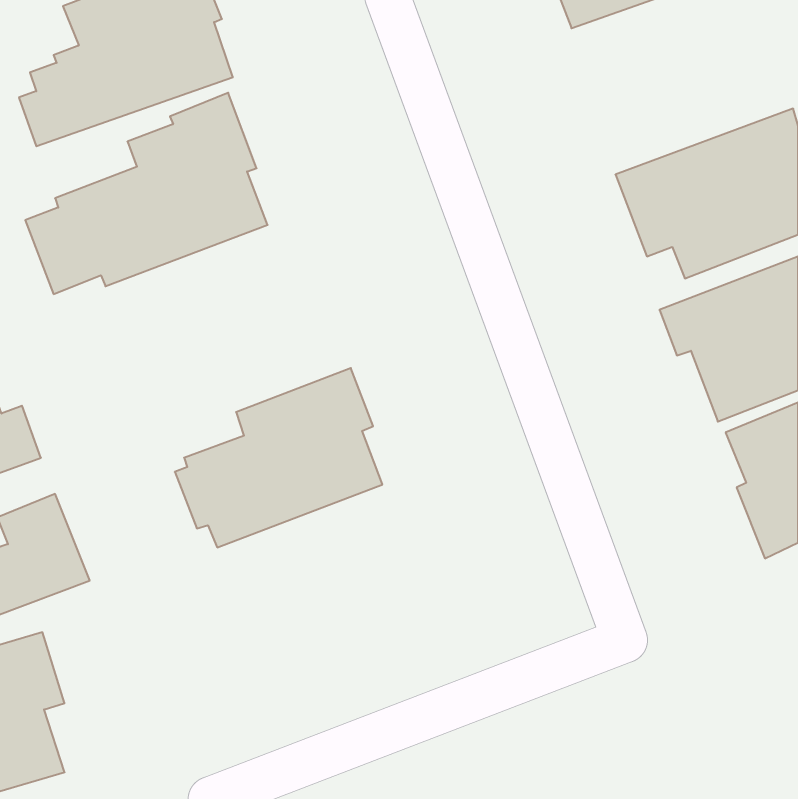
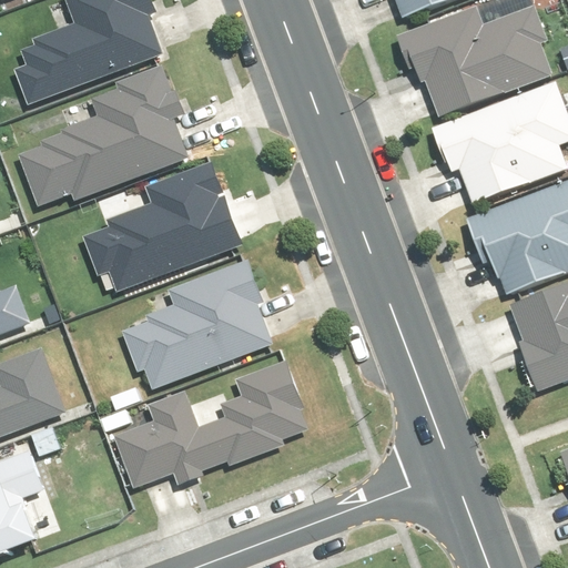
building: none -> [397,6,549,116]
building: none -> [83,163,242,286]
building: none -> [114,359,306,489]

